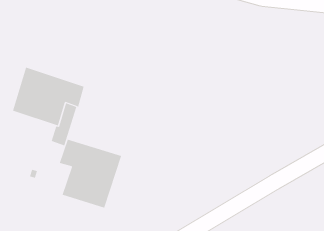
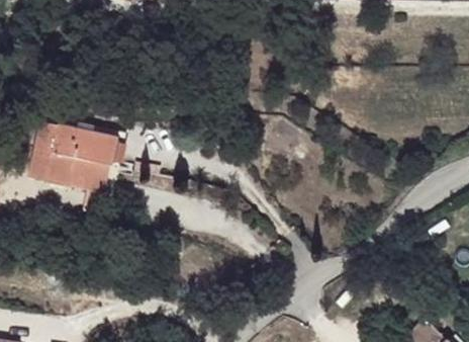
building: [59,139,122,208] -> none

